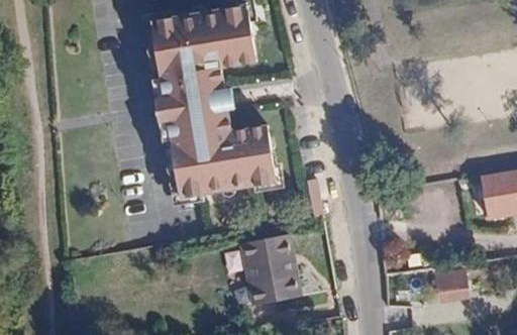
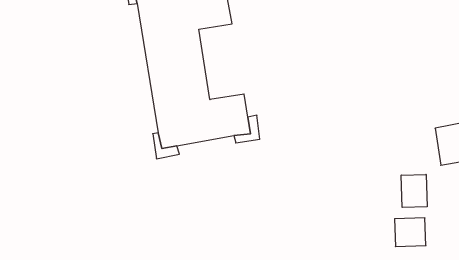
building: none -> [401,174,427,207]
building: [242,237,299,306] -> none

